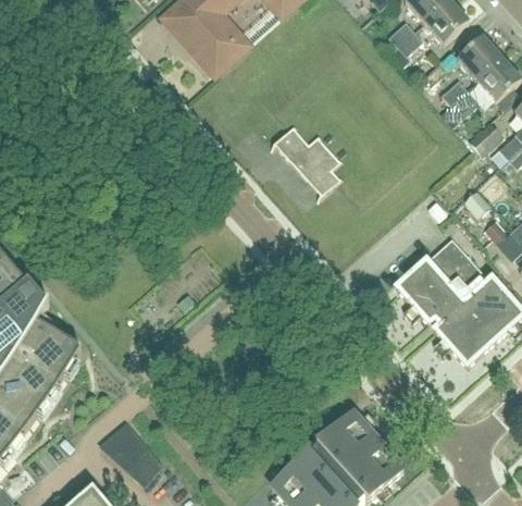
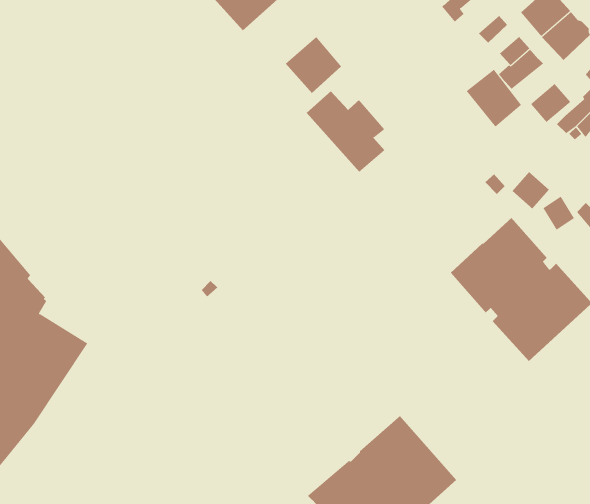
building: none -> [285,36,342,94]
building: none -> [466,69,522,127]
building: [98,420,159,481] -> none

